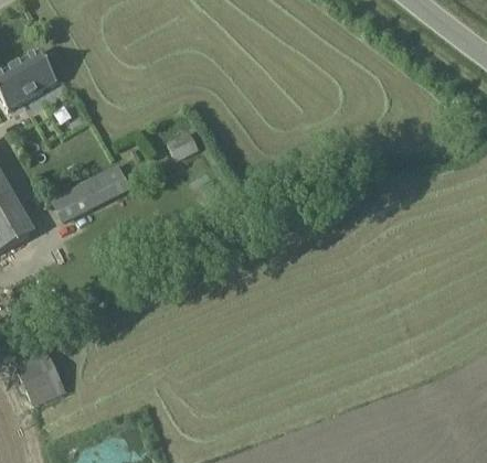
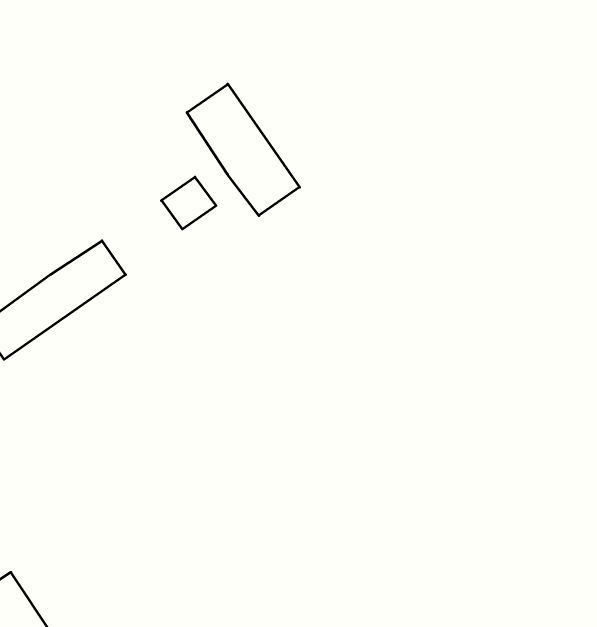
building: none -> [187,84,300,216]

